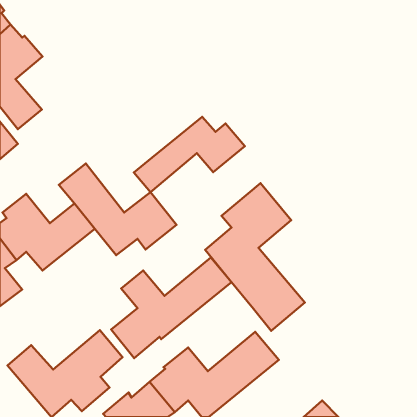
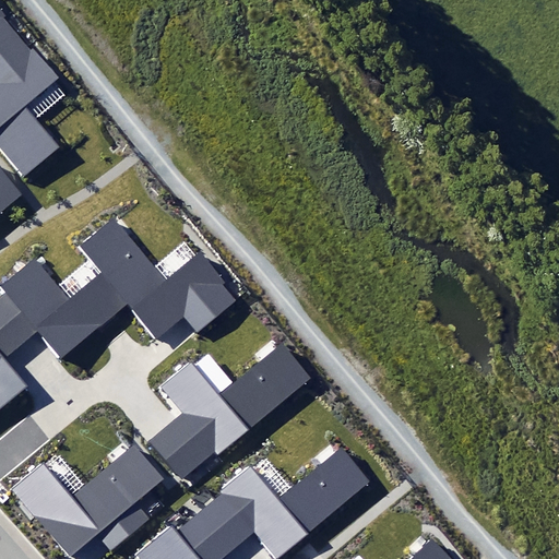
building: [134,117,245,192] -> none
building: [205,183,305,331] -> none

